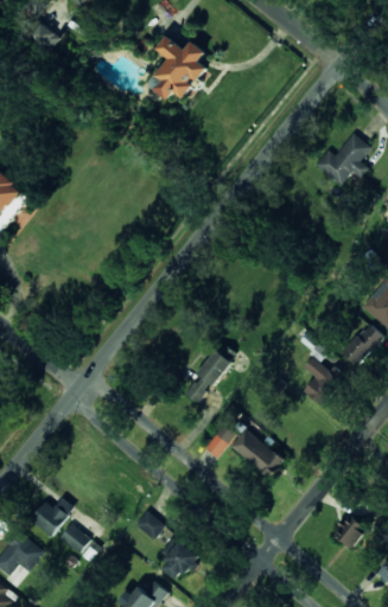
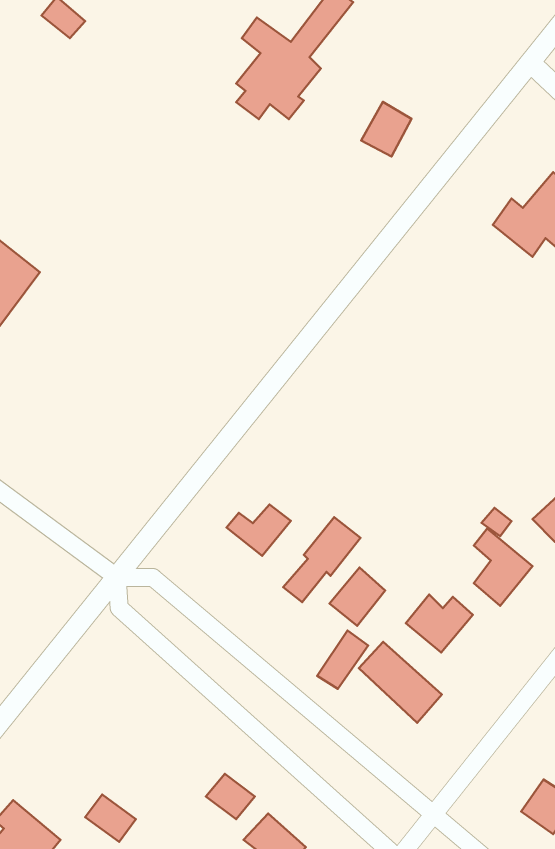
building: none -> [361,102,411,156]
building: none -> [227,504,291,556]
building: none -> [329,568,385,626]
building: none -> [406,595,473,652]
building: [31,497,75,536] -> none

